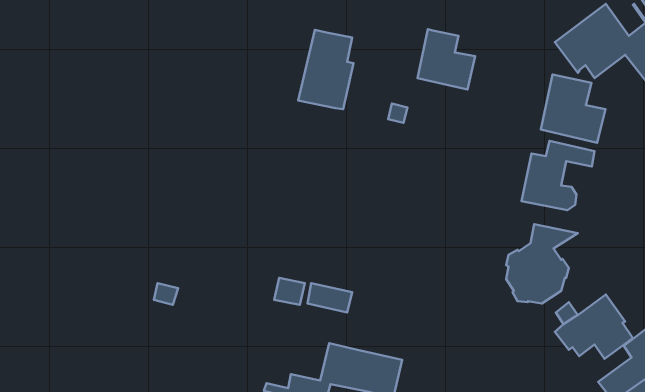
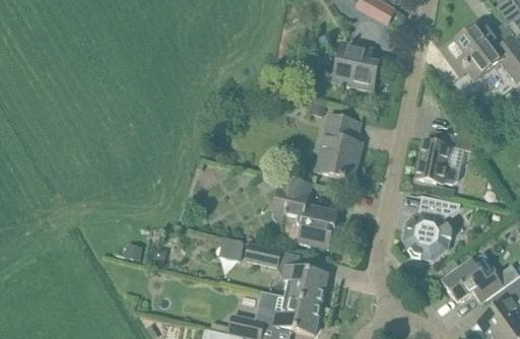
building: [298,30,353,109] -> [317,116,361,179]
building: [541,74,605,143] -> none
building: none -> [272,175,337,249]
building: none -> [283,265,328,303]

